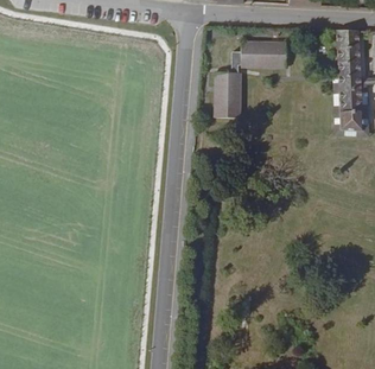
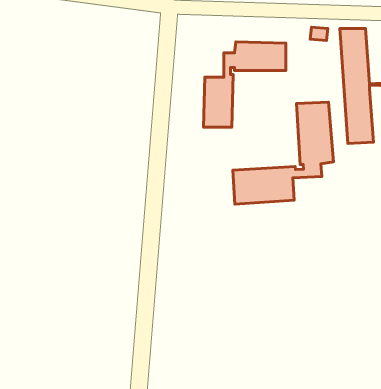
building: none -> [233,102,334,204]

